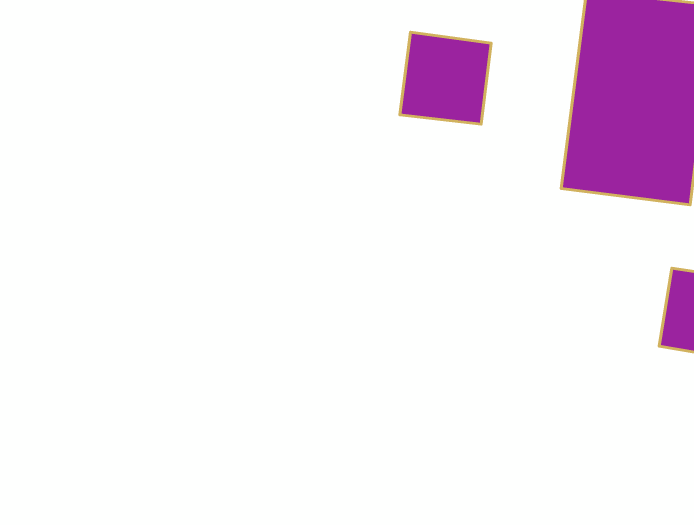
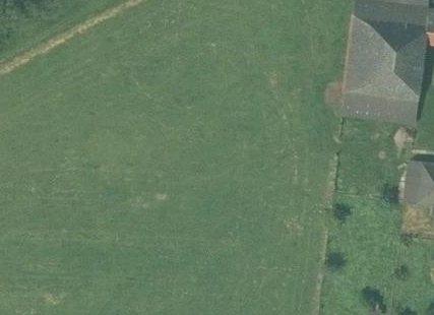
building: [400,32,491,124] -> none

